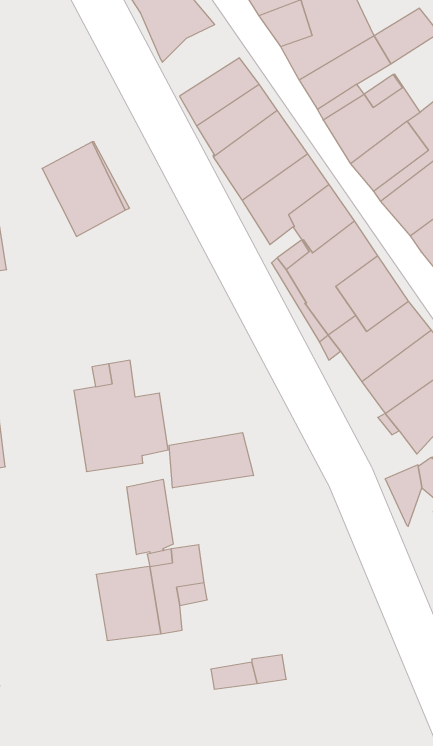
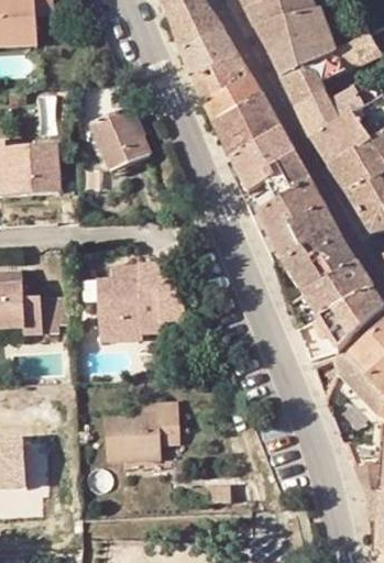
building: none -> [185,32,240,80]
building: [169,433,253,488] -> none
building: [127,479,173,555] -> none

